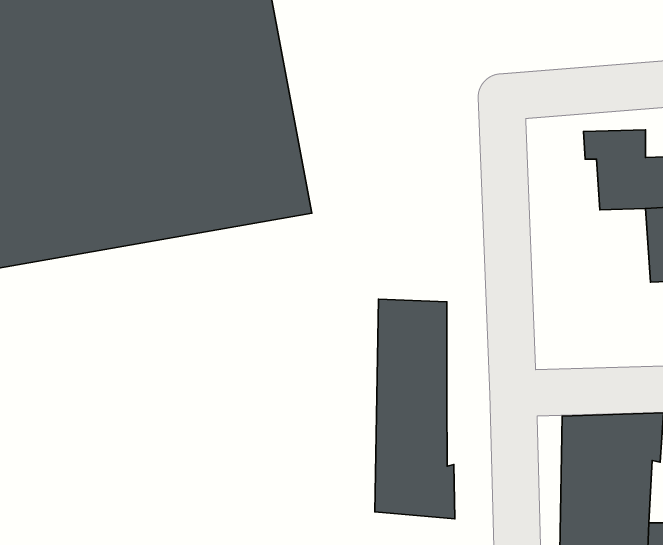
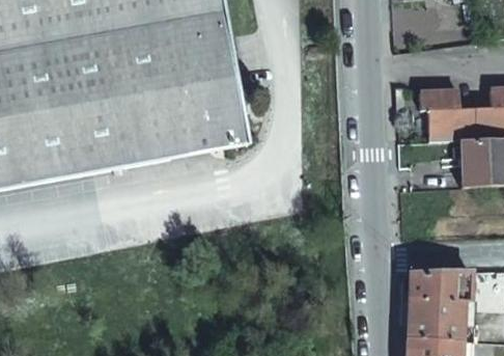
building: [375,299,455,519] -> none

